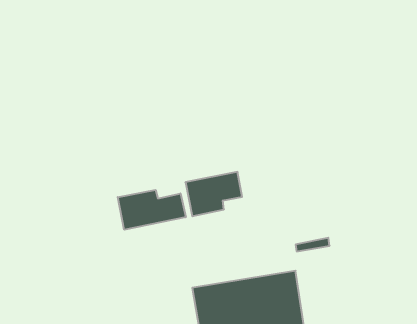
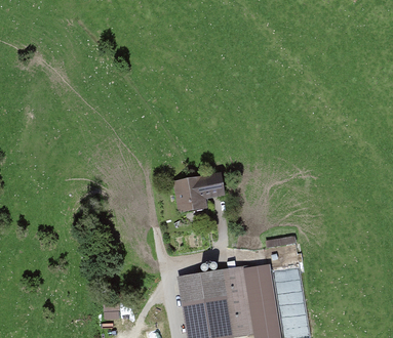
building: [118,190,186,230] -> none

